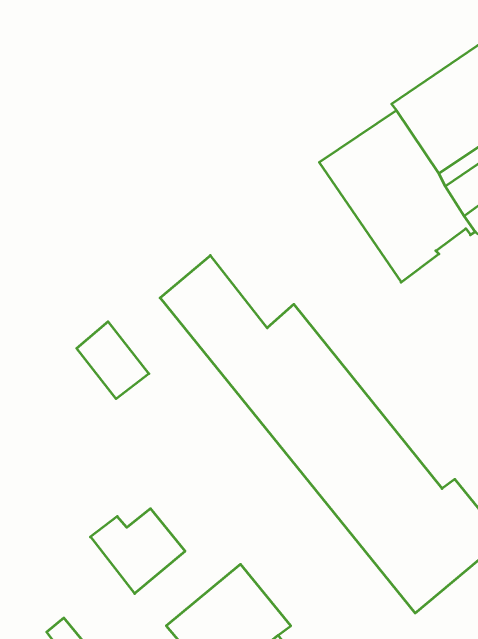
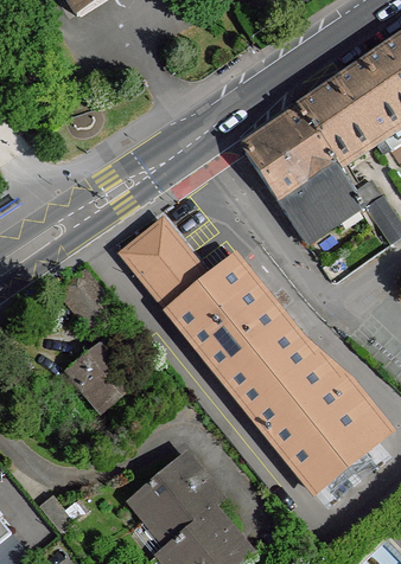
building: [90,509,185,594] -> [66,348,138,412]

